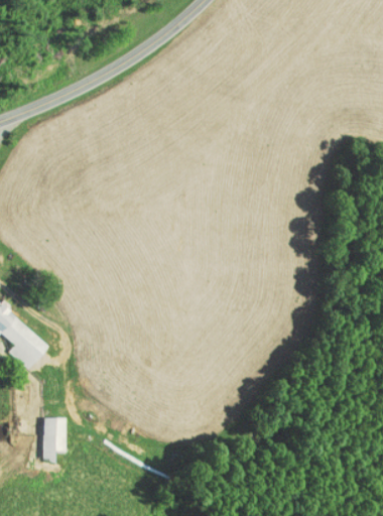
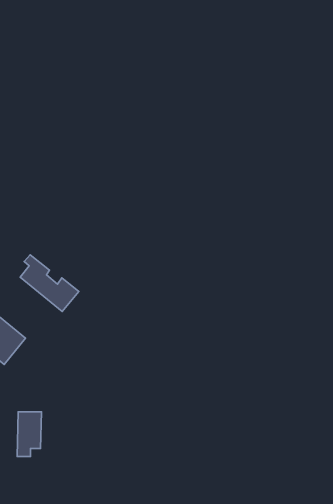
building: none -> [20,255,79,311]

